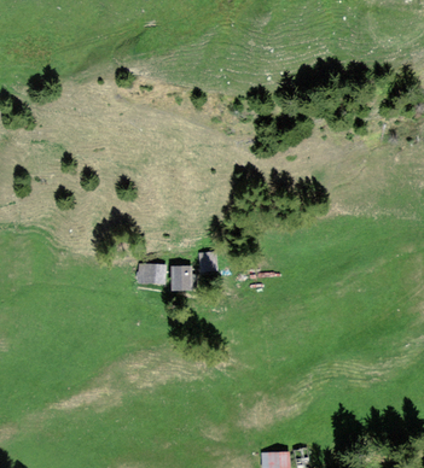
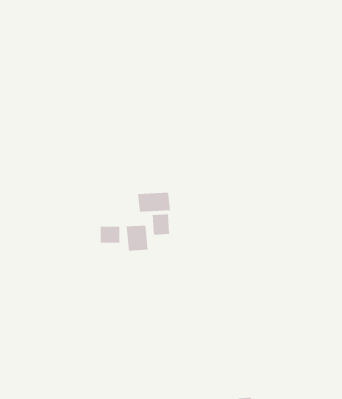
building: none -> [138,192,170,212]

